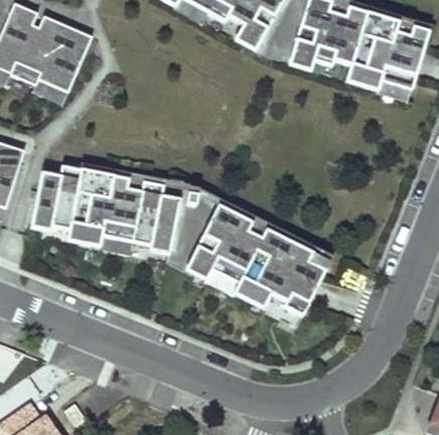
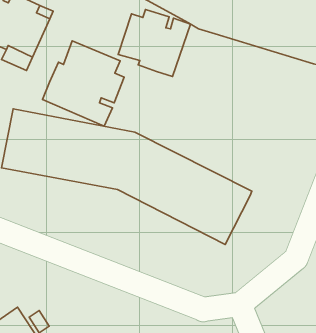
building: none -> [118,10,191,77]
building: none -> [42,41,124,126]

